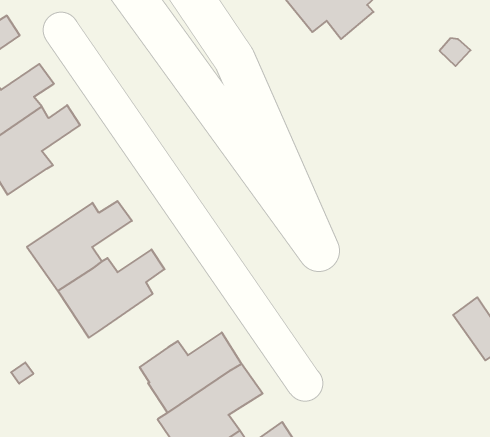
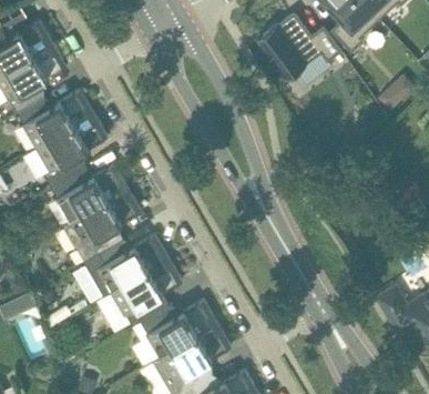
building: none -> [49,164,122,226]
building: none -> [111,266,182,326]

